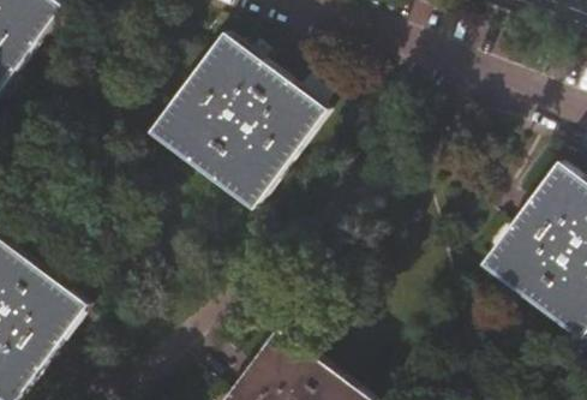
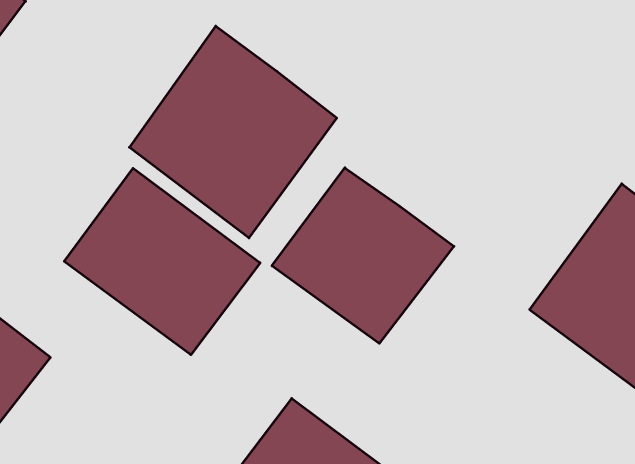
building: none -> [272,168,454,343]
building: none -> [64,168,260,355]

